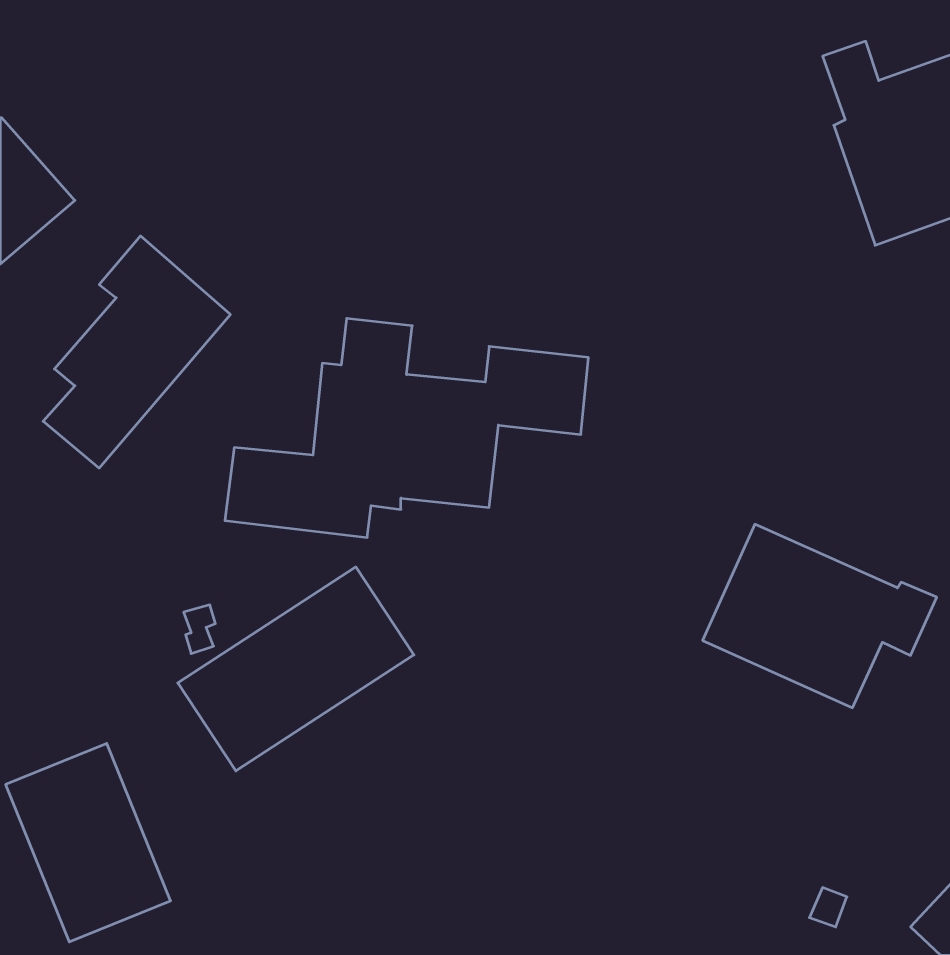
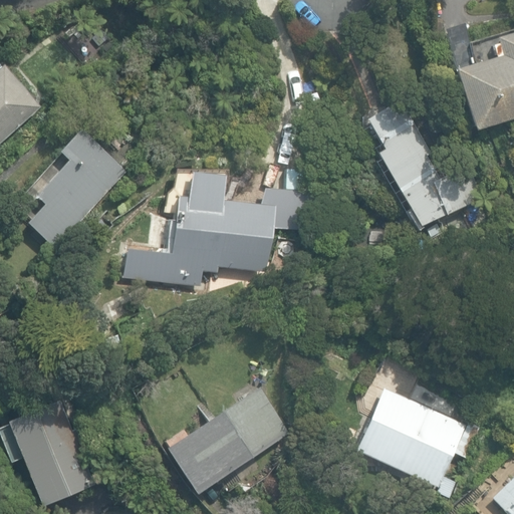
building: none -> [365,98,484,226]
building: [703,524,937,708] -> [357,388,483,486]
building: [178,567,414,771] -> [165,384,291,494]

